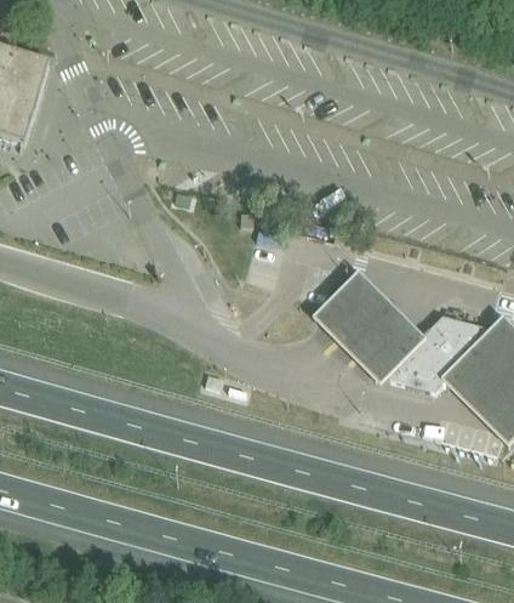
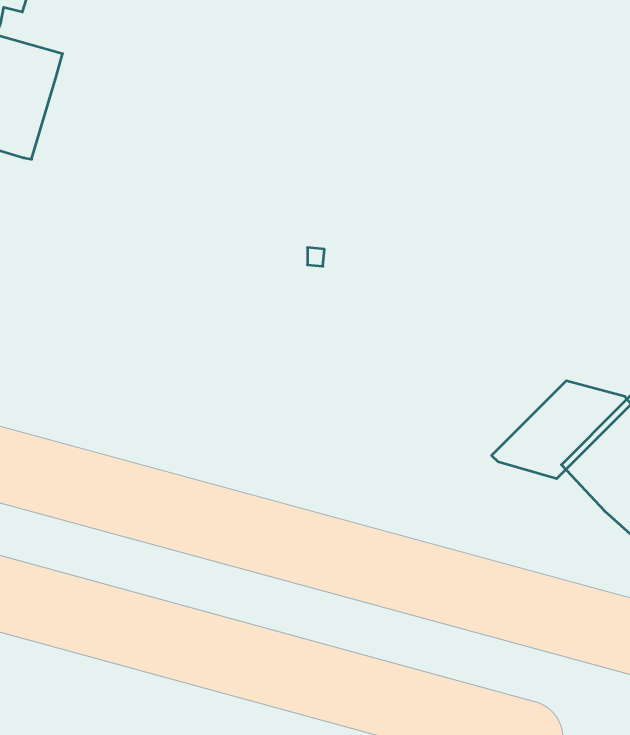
building: [310,269,424,383] -> none

